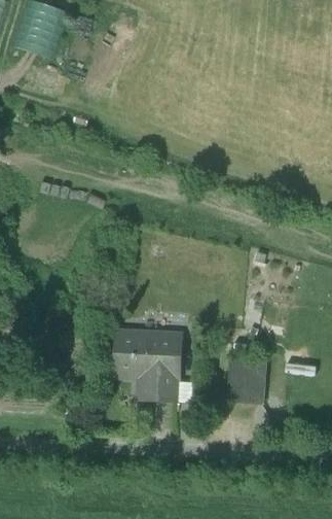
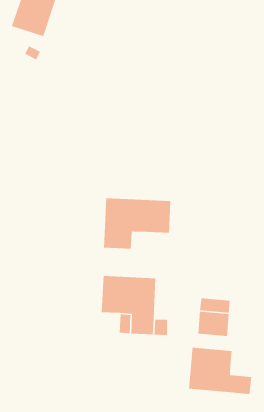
building: none -> [103,197,171,250]
building: none -> [188,347,252,395]

